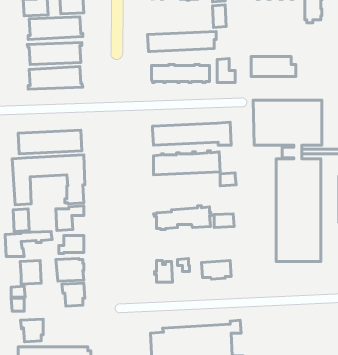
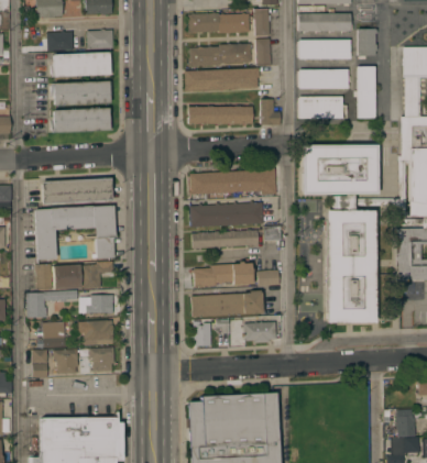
building: none -> [298,40,350,59]
building: none -> [189,43,253,67]
building: none -> [357,67,375,119]
building: none -> [298,69,351,89]
building: none -> [191,230,259,251]
building: none -> [53,265,81,289]
building: none -> [190,290,263,318]
building: [20,319,43,342] -> [53,350,78,375]

